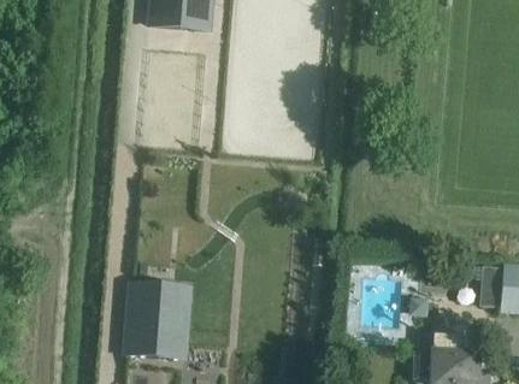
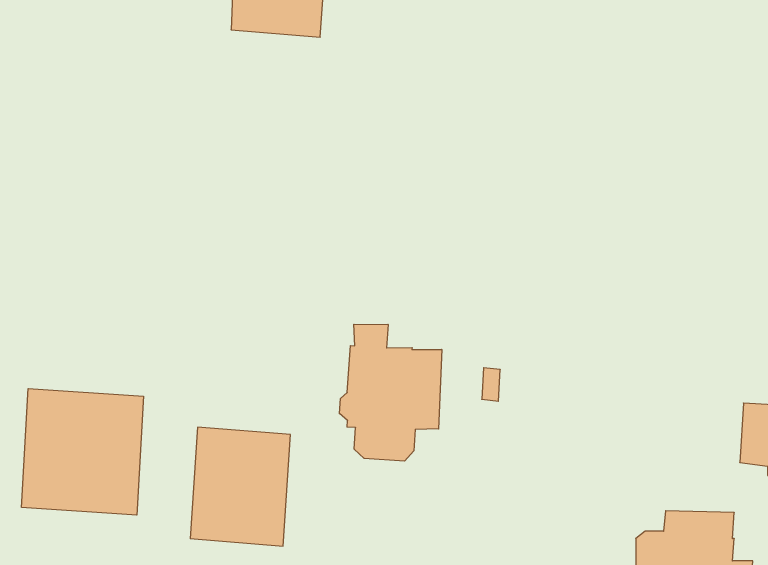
building: none -> [339,324,442,461]
building: none -> [22,389,143,515]

